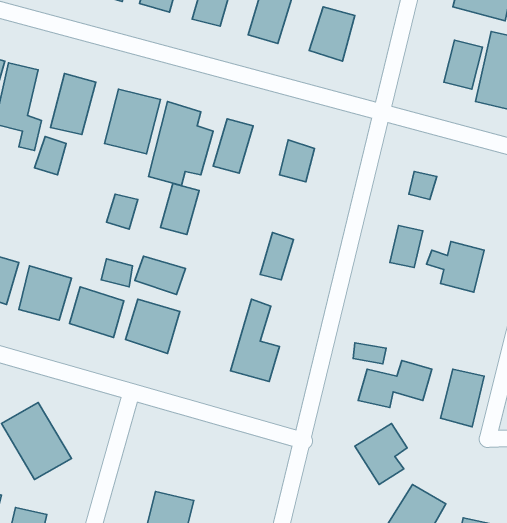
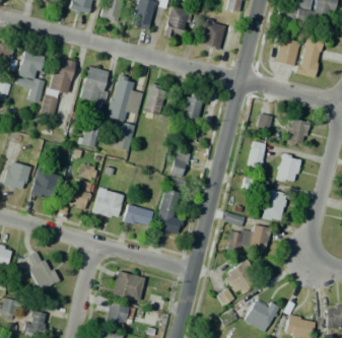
building: none -> [283,117,310,147]
building: [135,256,185,295] -> [124,205,153,227]
building: [441,369,484,427] -> [261,189,286,222]
building: none -> [112,270,144,299]

